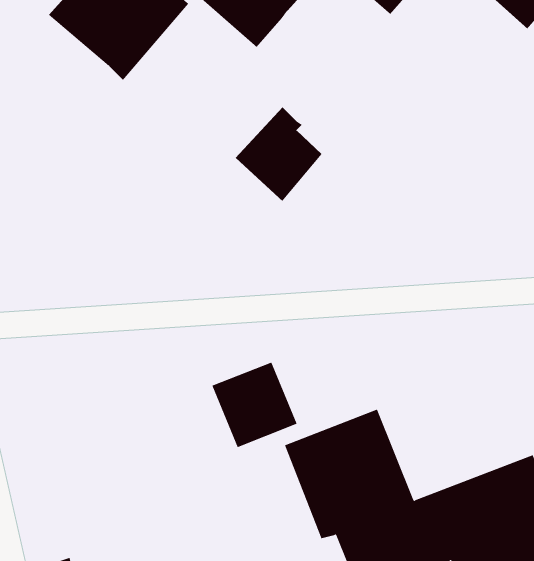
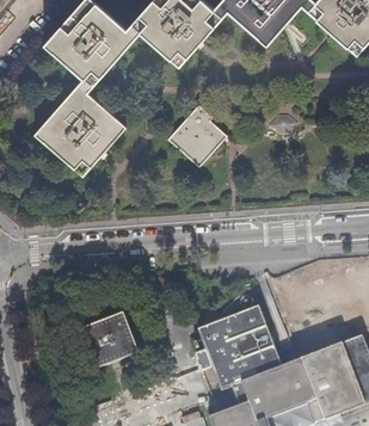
building: none -> [33,86,124,178]
building: [211,362,297,448] -> [81,313,137,369]

